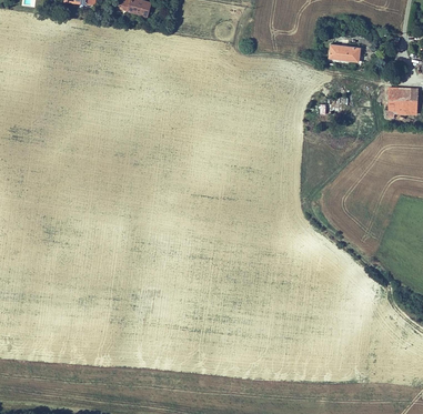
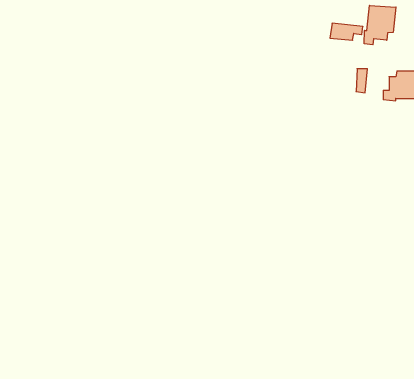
building: none -> [364,5,396,45]

